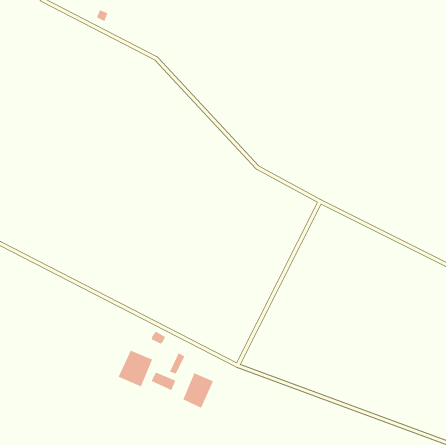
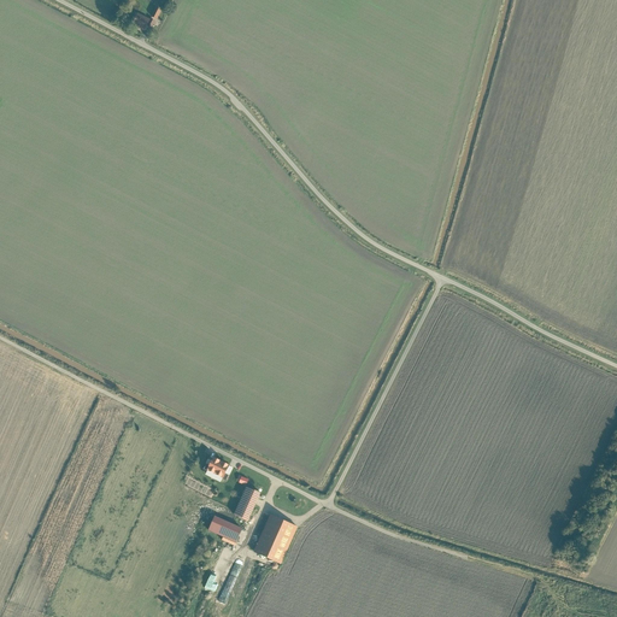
building: [118,350,153,387] -> none

